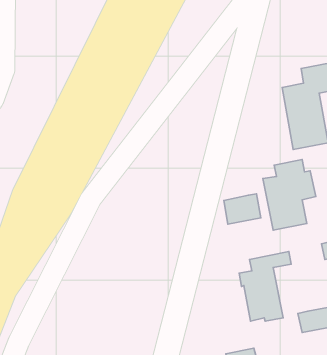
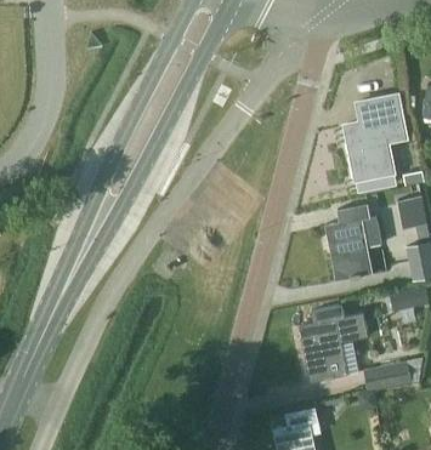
building: [224,194,261,224] -> none

